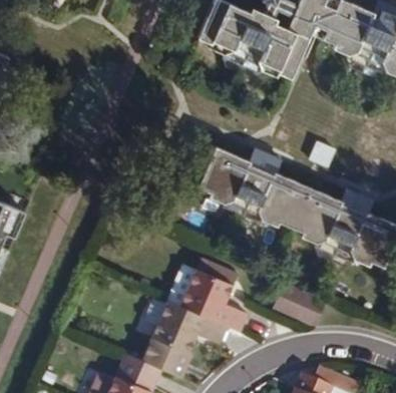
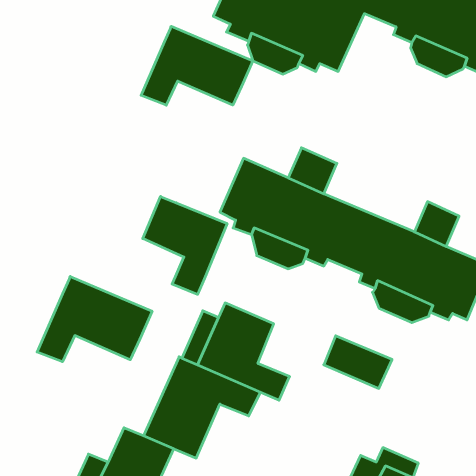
building: none -> [141,26,253,105]
building: none -> [143,196,227,294]
building: none -> [37,276,152,362]

